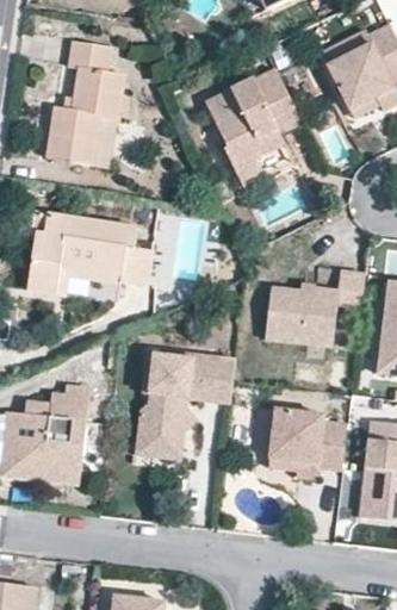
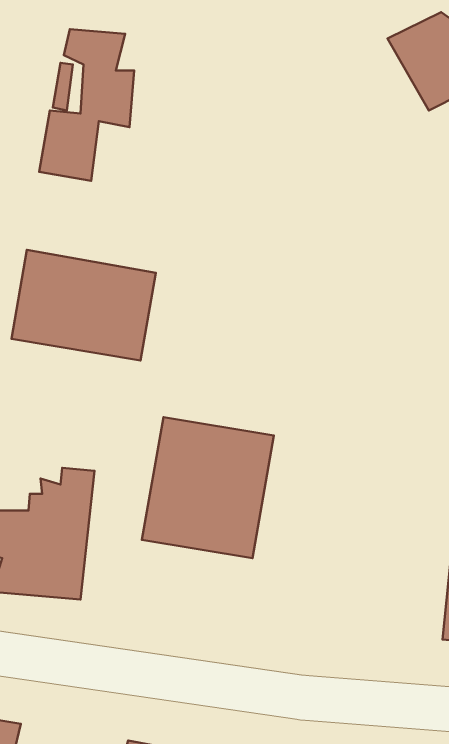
building: [205,64,298,183] -> none
building: [267,273,359,353] -> none
building: [271,413,341,473] -> none

